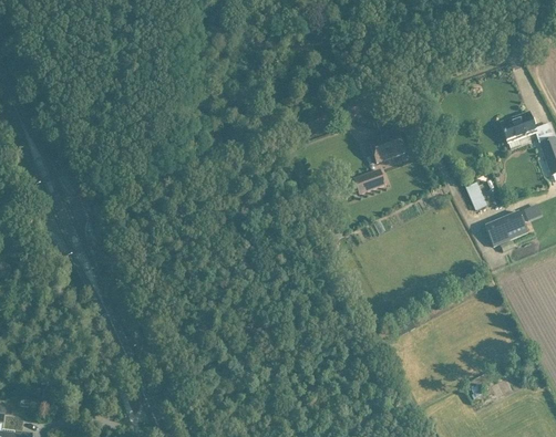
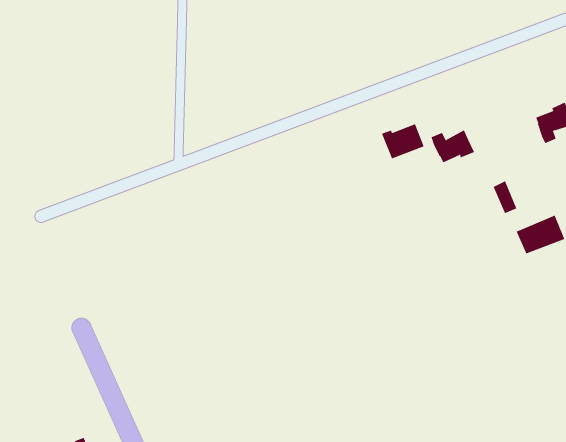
building: none -> [431,130,475,165]
building: [354,169,385,194] -> none

